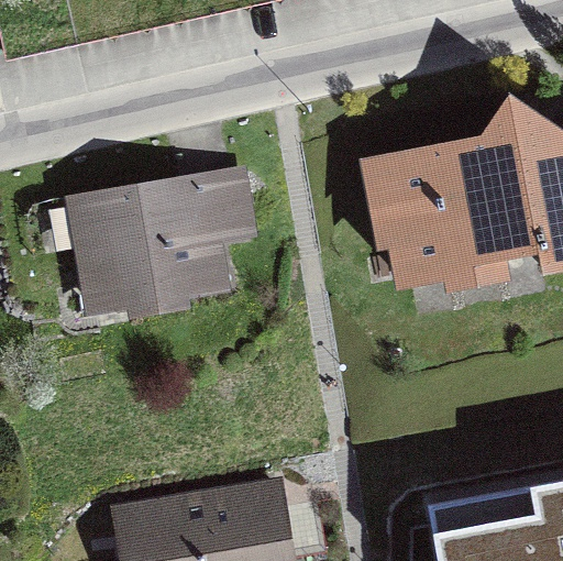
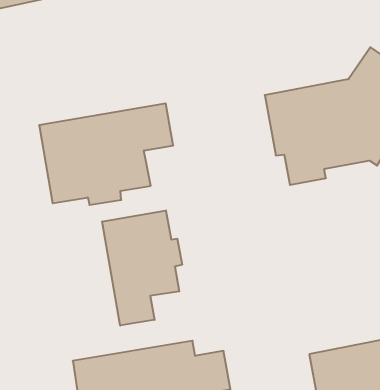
building: none -> [102,210,182,326]

